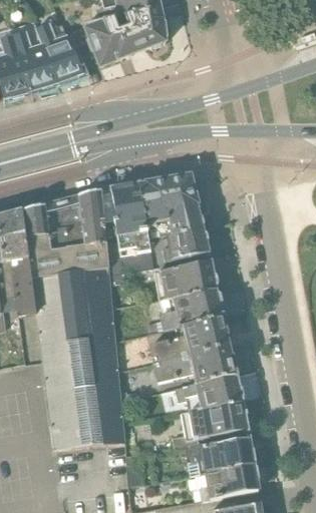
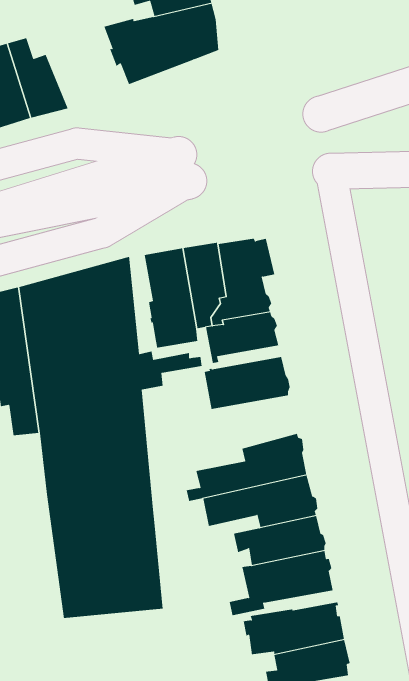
building: [35,21,83,81] -> none
building: [146,288,222,332] -> none

